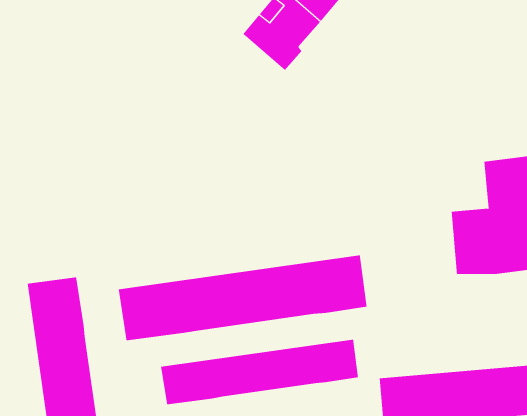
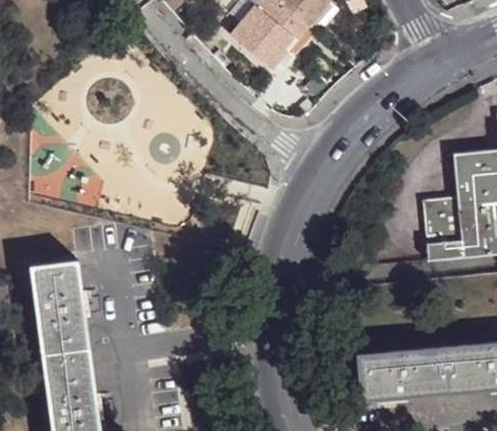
building: [118,255,367,341] -> none
building: [161,339,358,405] -> none

